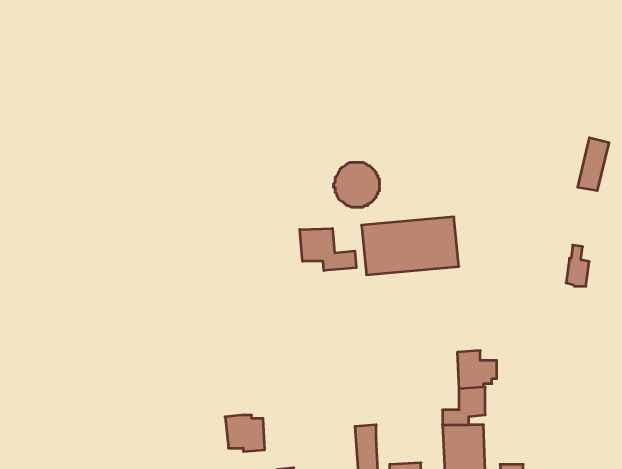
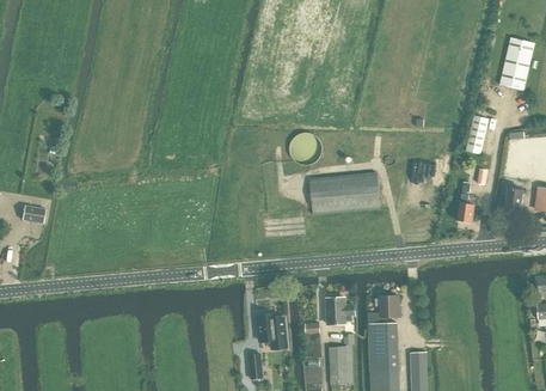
building: [300,228,356,271] -> none
building: [457,351,497,389] -> [326,295,355,323]
building: [225,415,265,451] -> [257,314,286,341]

